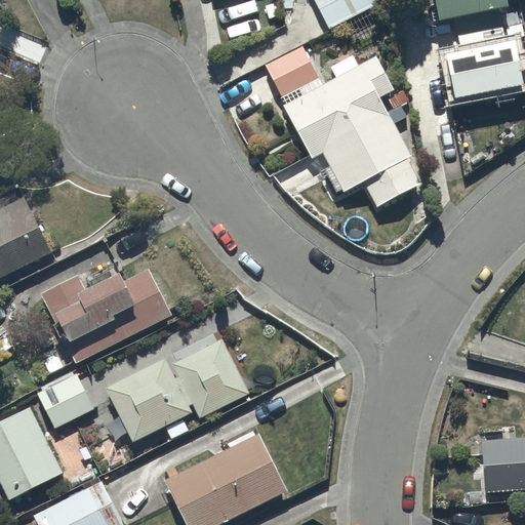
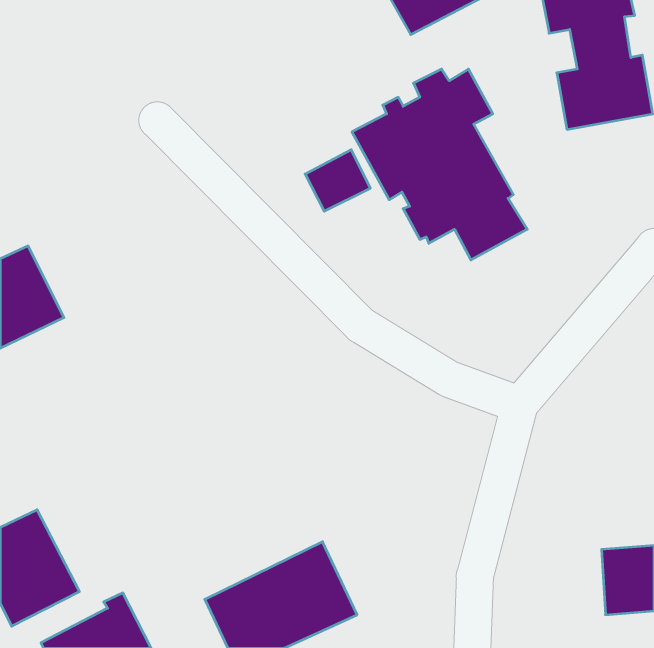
building: [266,46,318,95] -> [305,150,370,211]
building: [39,269,173,366] -> none
building: [105,338,249,444] -> none
building: [37,373,93,429] -> none

